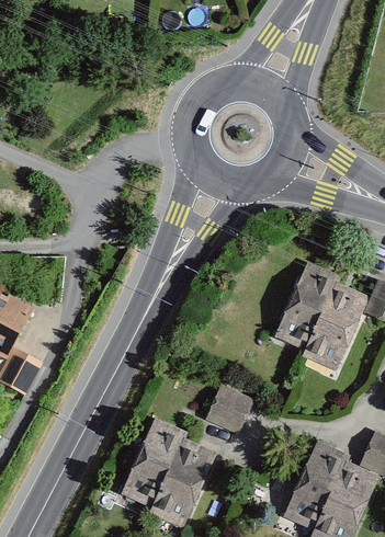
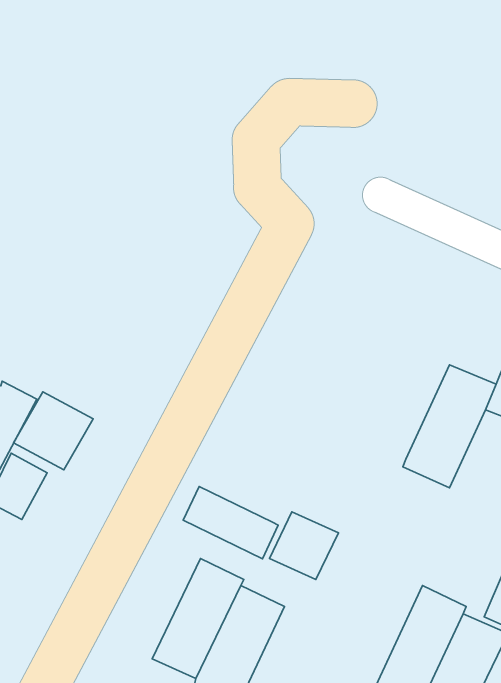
building: [272,259,339,349] -> none
building: none -> [14,392,93,470]
building: none -> [183,487,278,559]

